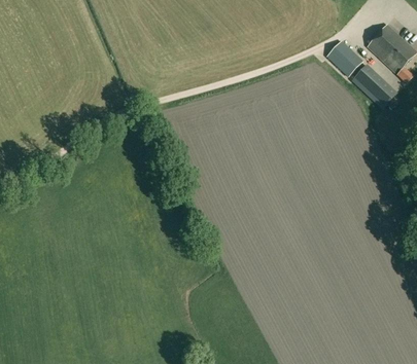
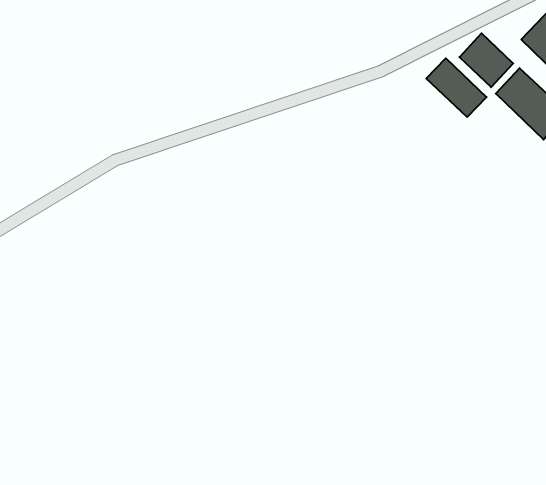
building: none -> [426,58,487,117]

